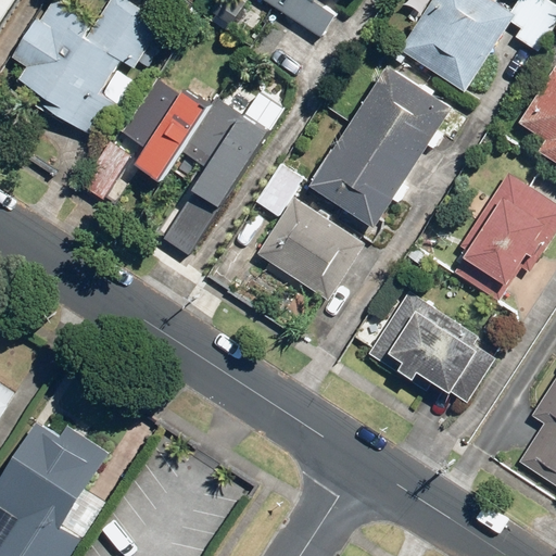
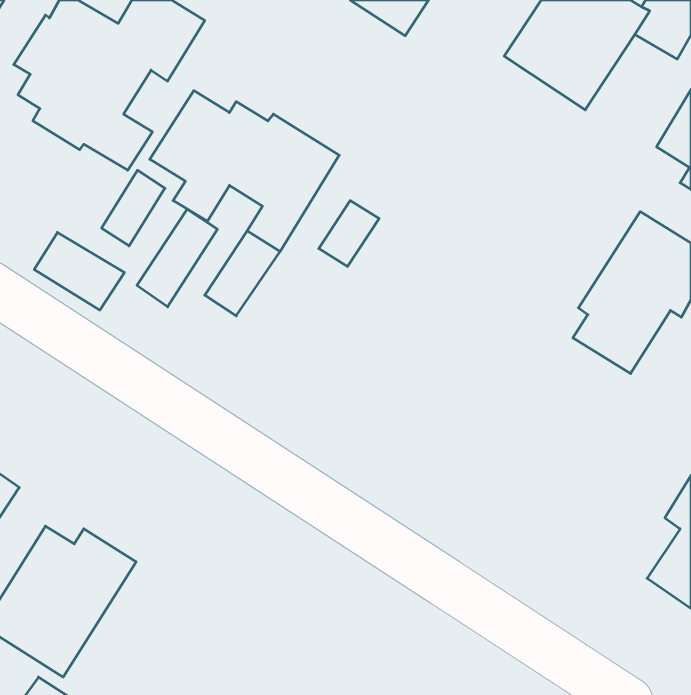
building: [312,61,457,225] -> none
building: none -> [137,209,217,307]
building: none -> [34,232,124,310]
building: [254,195,365,301] -> none
building: [366,289,495,403] -> none

